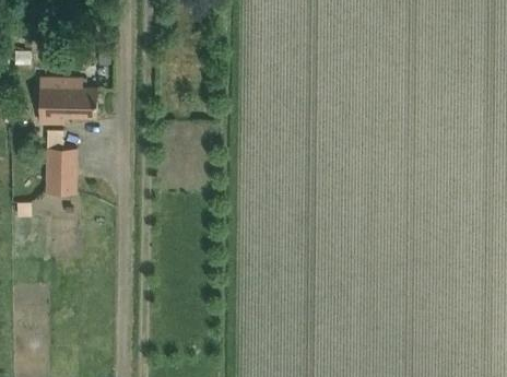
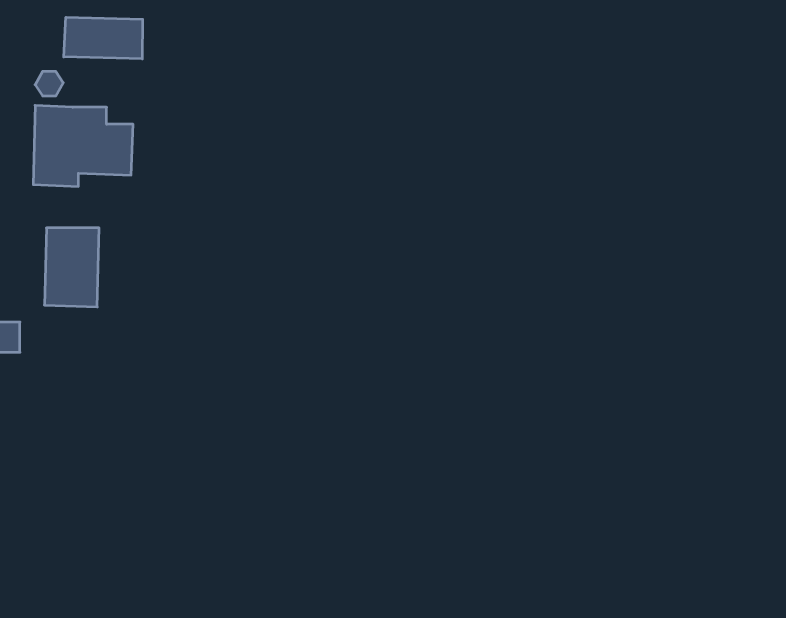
building: none -> [64,17,143,59]

